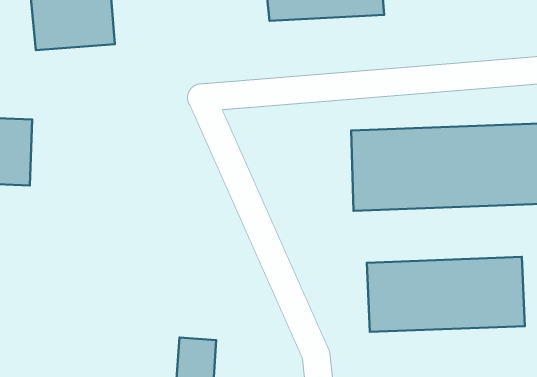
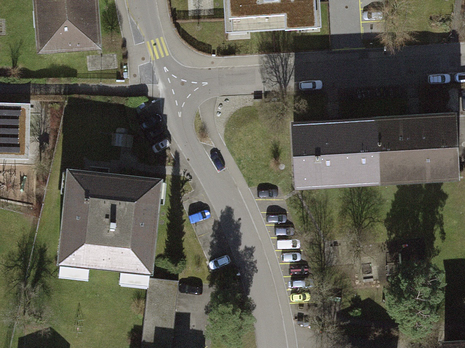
building: none -> [54,165,162,275]
building: [367,257,525,332] -> none

